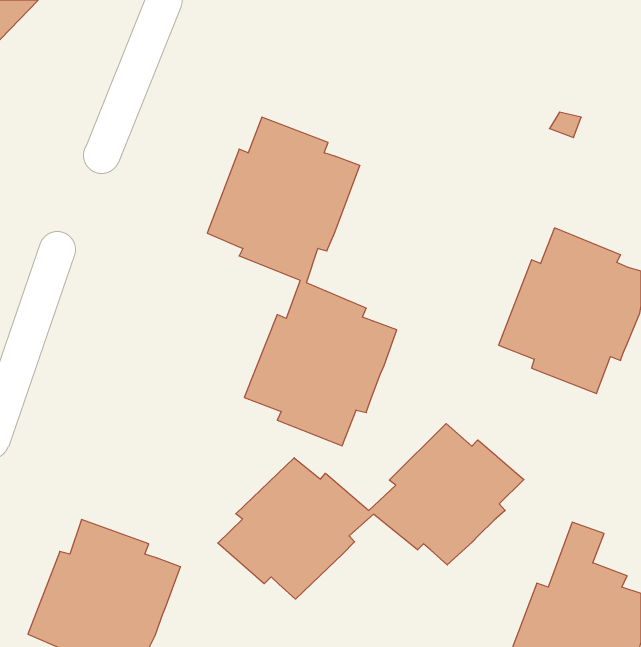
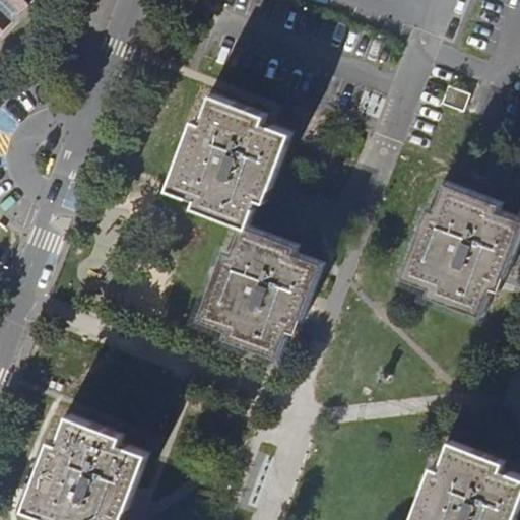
building: [218,424,524,599] -> none

